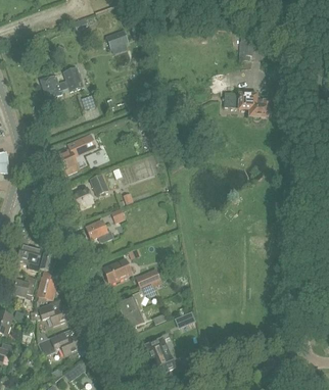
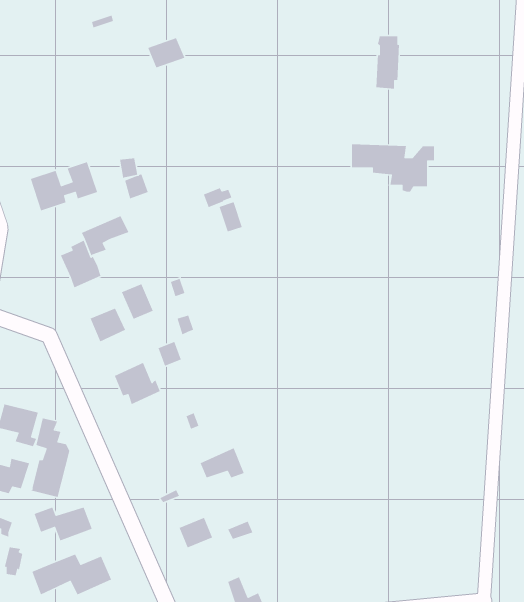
building: [40,68,80,98] -> [30,161,98,212]
building: [102,256,132,284] -> none
building: [118,284,153,316] -> none

